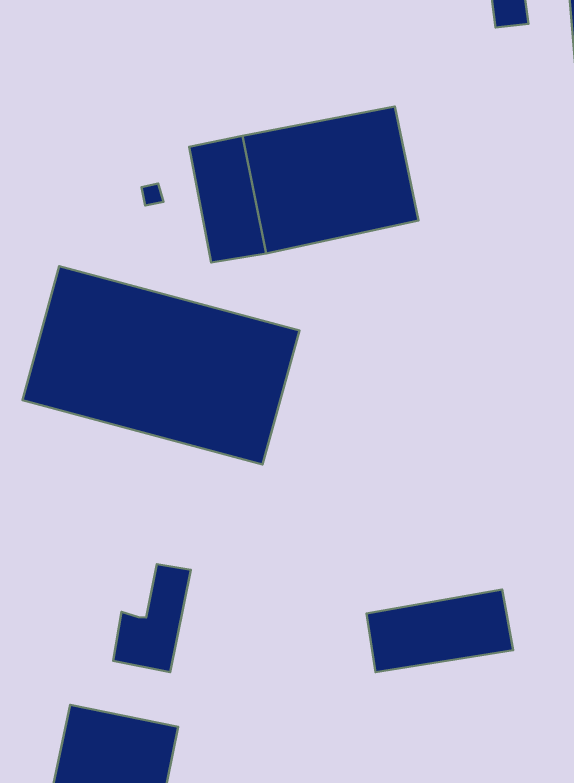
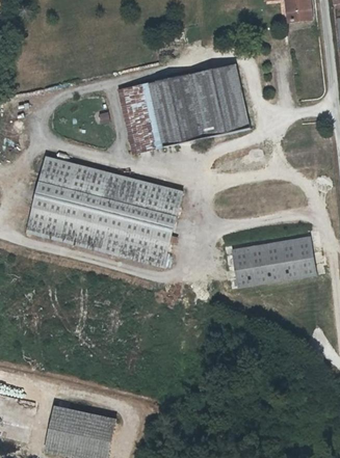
building: [113,564,191,672] -> none
building: [366,590,513,672] -> [232,238,315,285]

